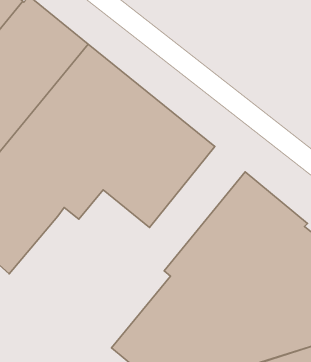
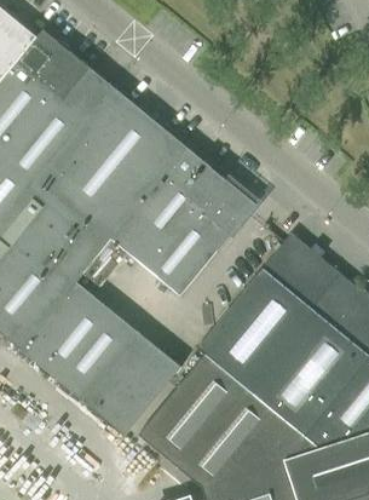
building: none -> [21,283,180,435]

